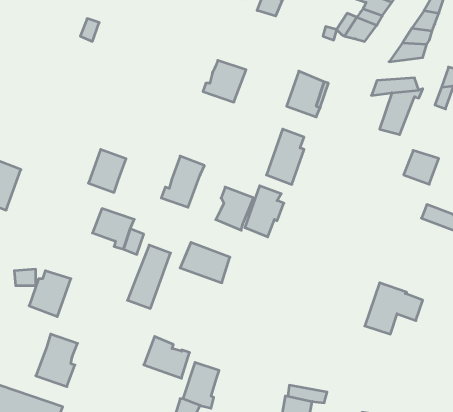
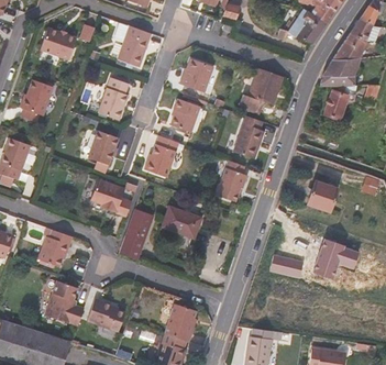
building: none -> [114,21,152,64]
building: none -> [41,26,77,58]
building: none -> [322,55,360,74]
building: none -> [100,77,131,119]
building: none -> [21,79,53,123]
building: [404,150,439,184] -> [309,180,338,208]
building: [216,187,253,230] -> [170,98,201,133]
building: none -> [271,255,304,278]
building: [144,336,190,378] -> [87,299,124,333]

